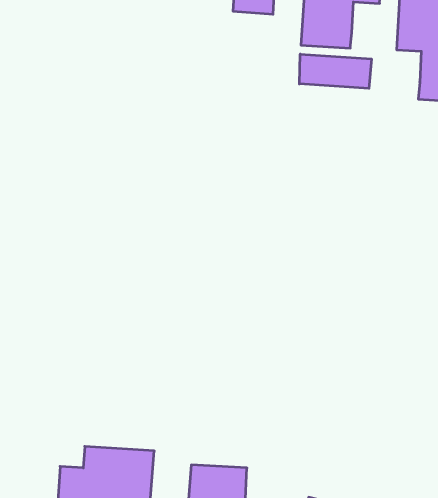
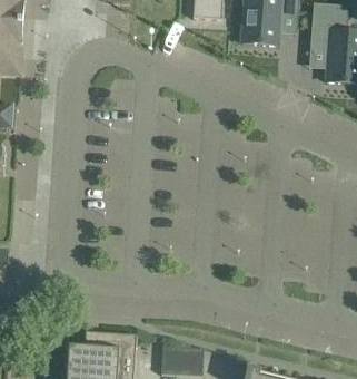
building: [299,54,371,88] -> none

